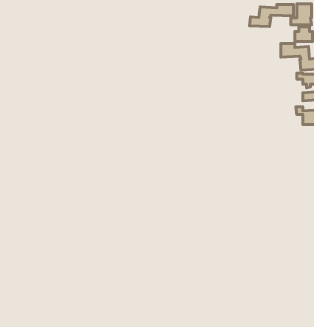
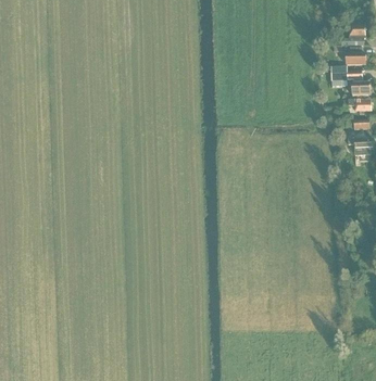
building: [249,4,293,27] -> none

